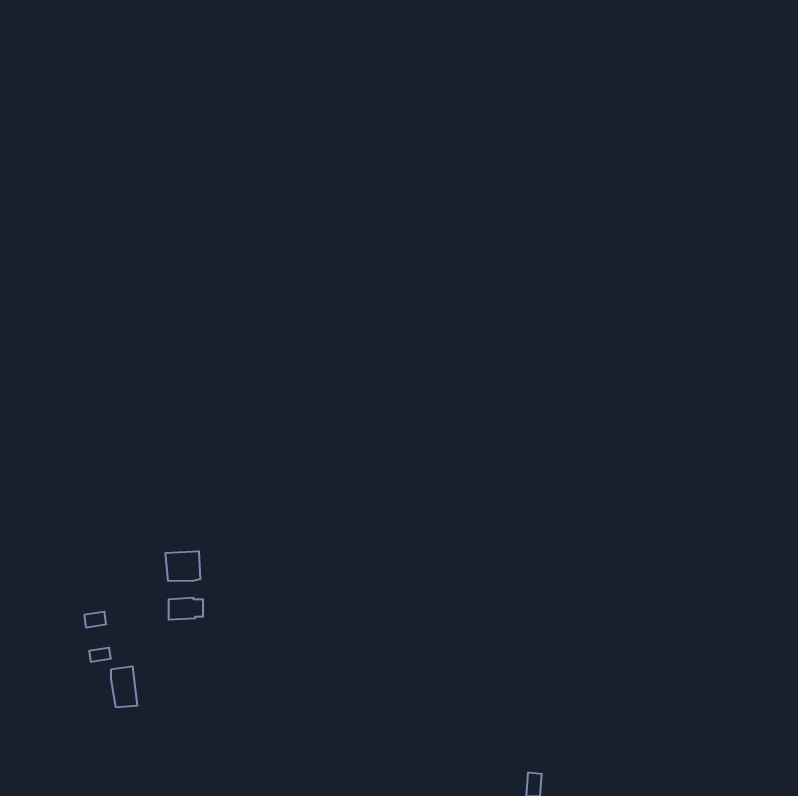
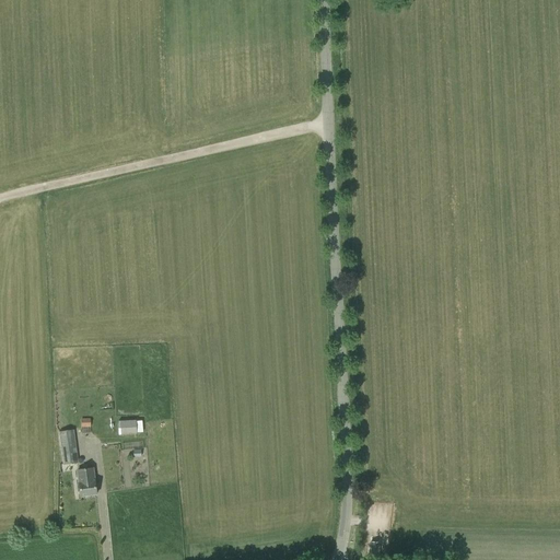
building: [166,551,200,581] -> none

